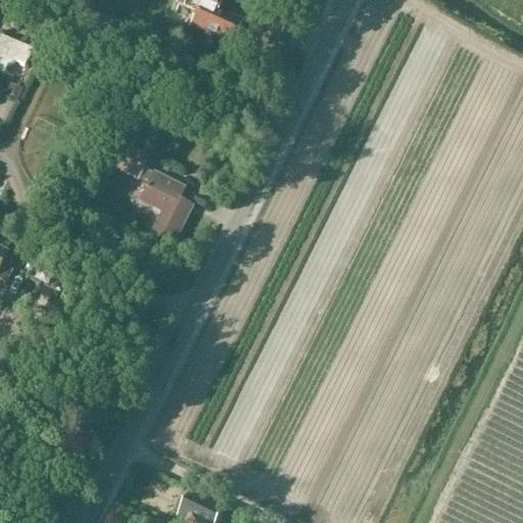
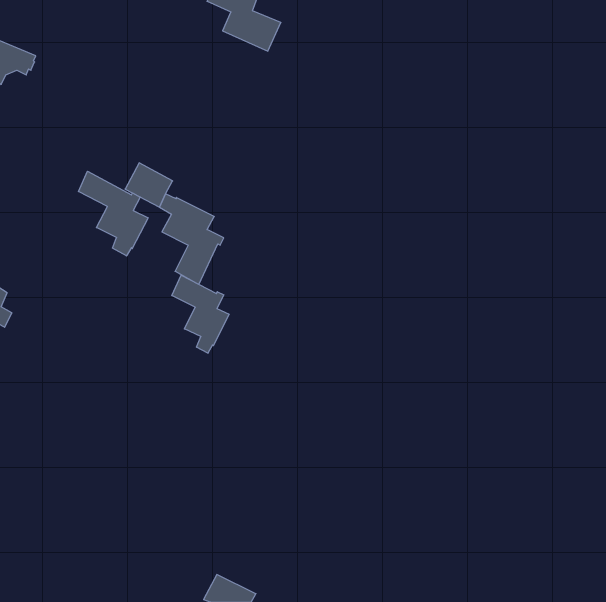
building: none -> [79,171,148,256]
building: none -> [172,275,229,353]

